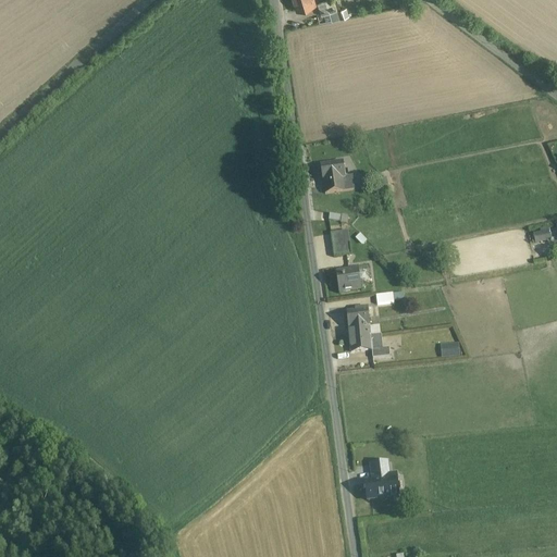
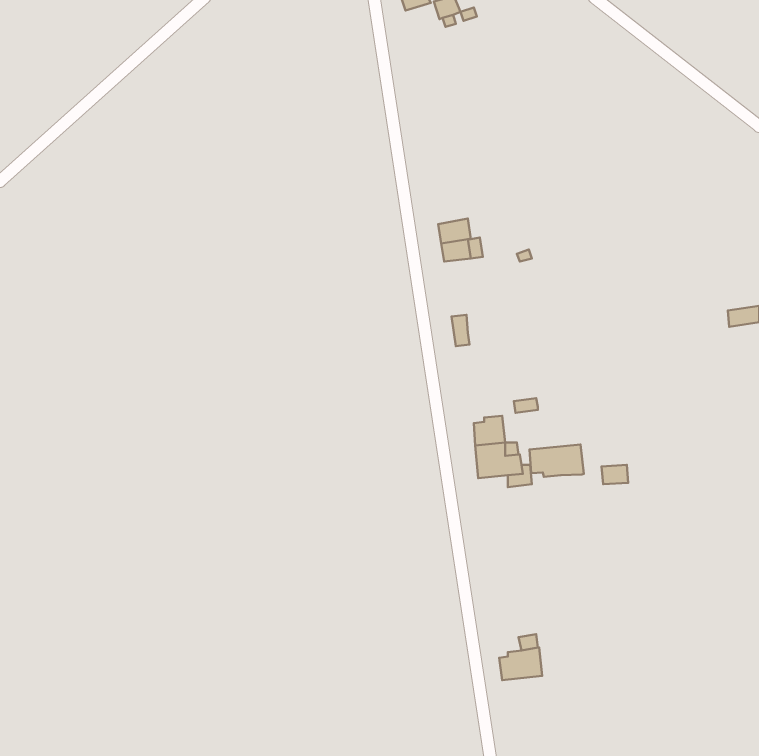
building: [336,268,360,290] -> none
building: none -> [529,444,584,477]

